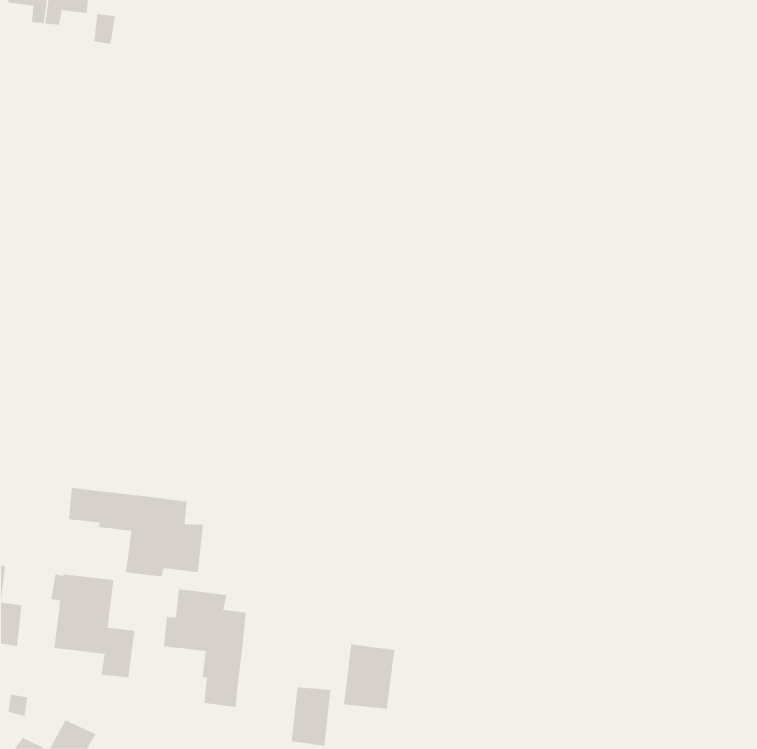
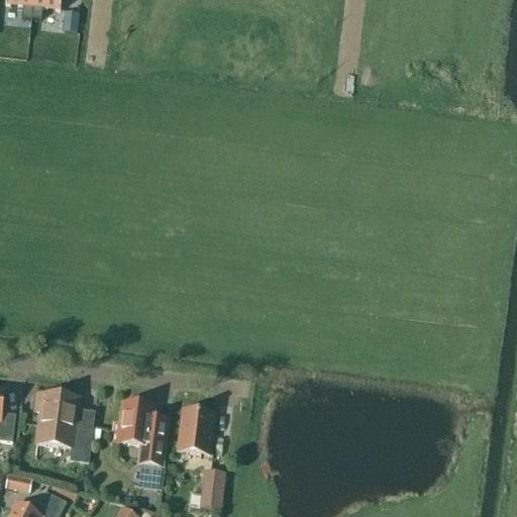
building: [68,487,204,577] -> none
building: [343,644,395,709] -> [179,408,214,452]

